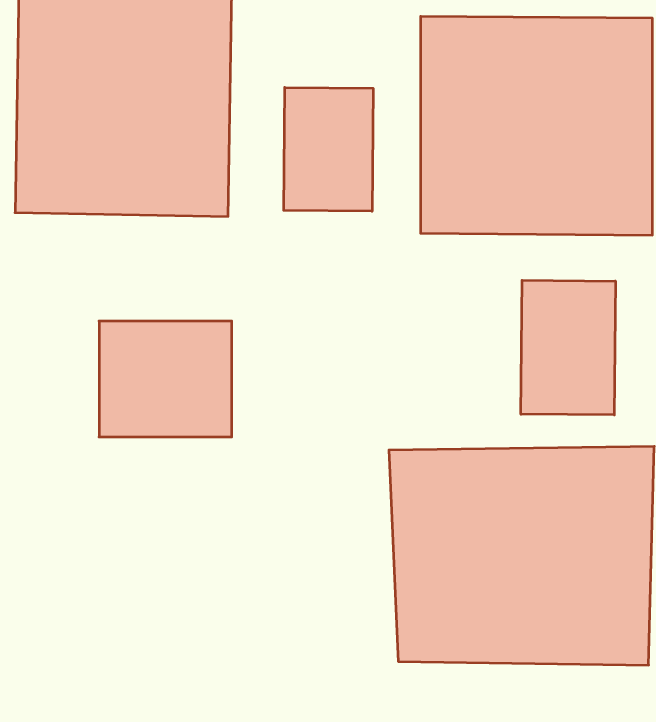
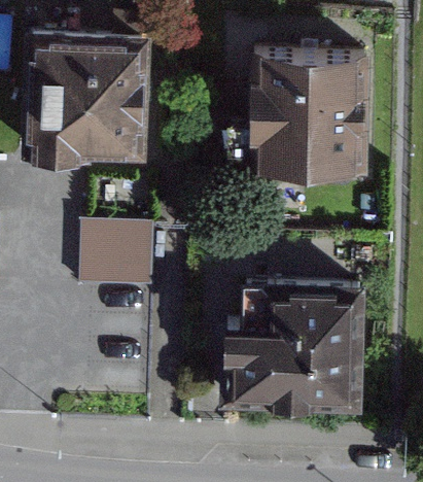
building: [284,87,373,211] -> none
building: [521,280,615,415] -> none

